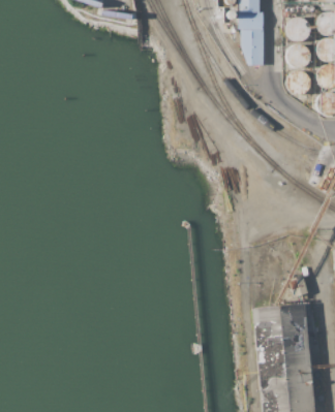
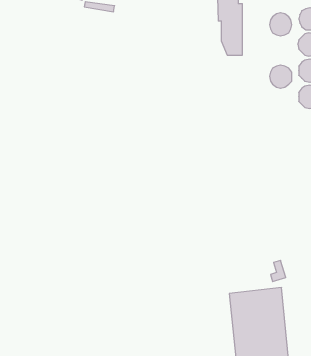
building: [292,49,314,72] -> none

